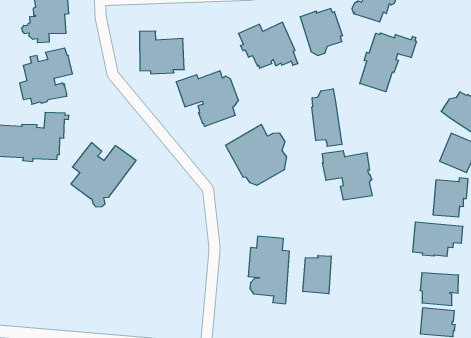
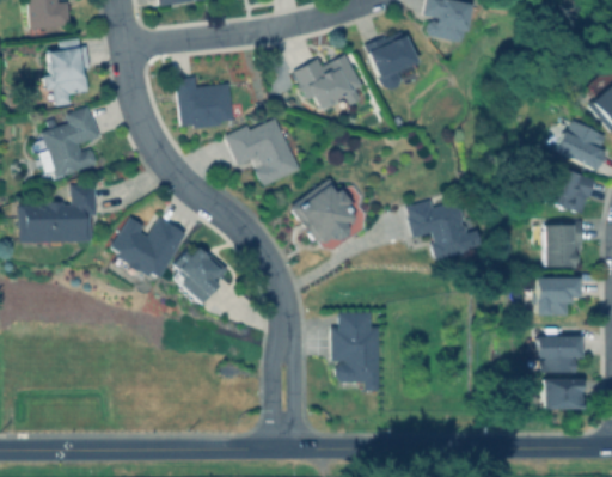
building: [360,33,417,92] -> none
building: [312,89,342,146] -> none
building: none -> [173,247,226,305]
building: [303,255,331,294] -> none

